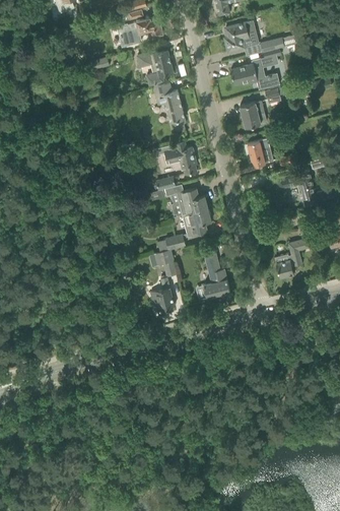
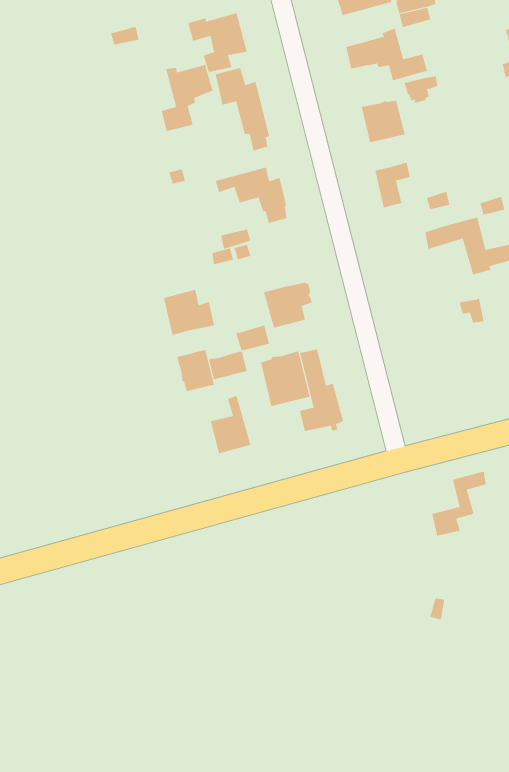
building: none -> [161,64,213,132]
building: [177,188,207,215] -> [163,289,215,336]
building: [276,239,309,277] -> [431,471,486,536]
building: none -> [176,349,215,392]
building: none -> [261,350,310,407]

